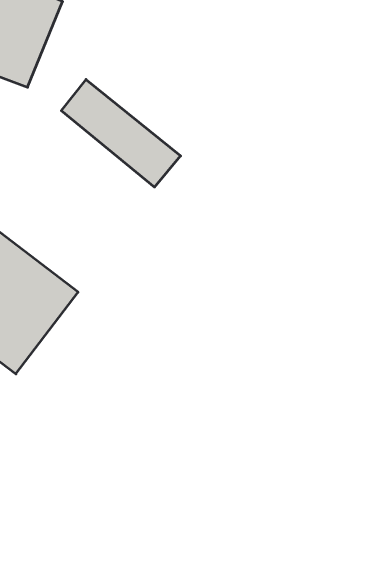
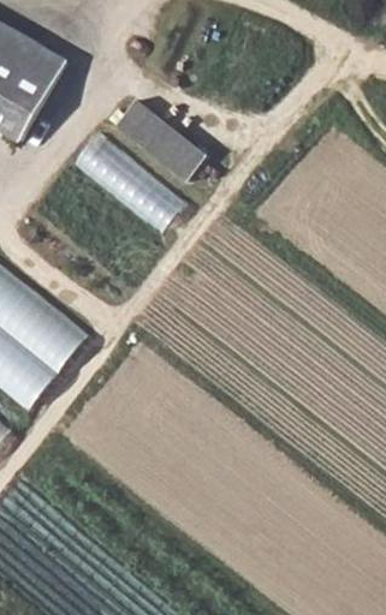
building: none -> [108,95,202,178]

